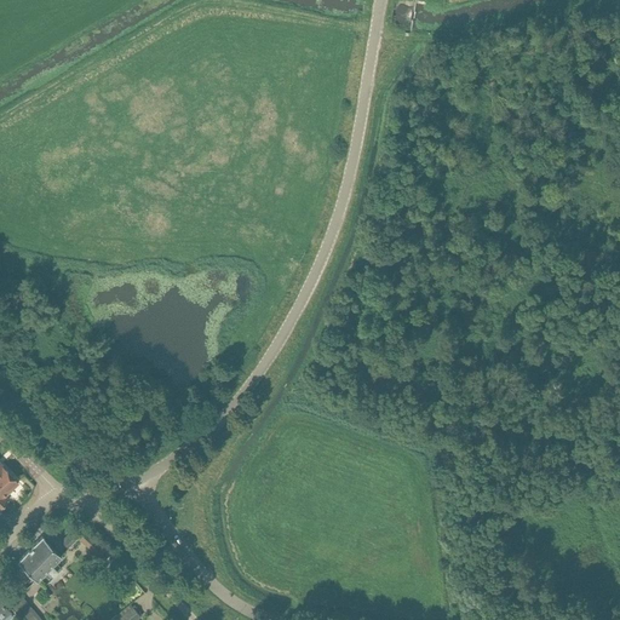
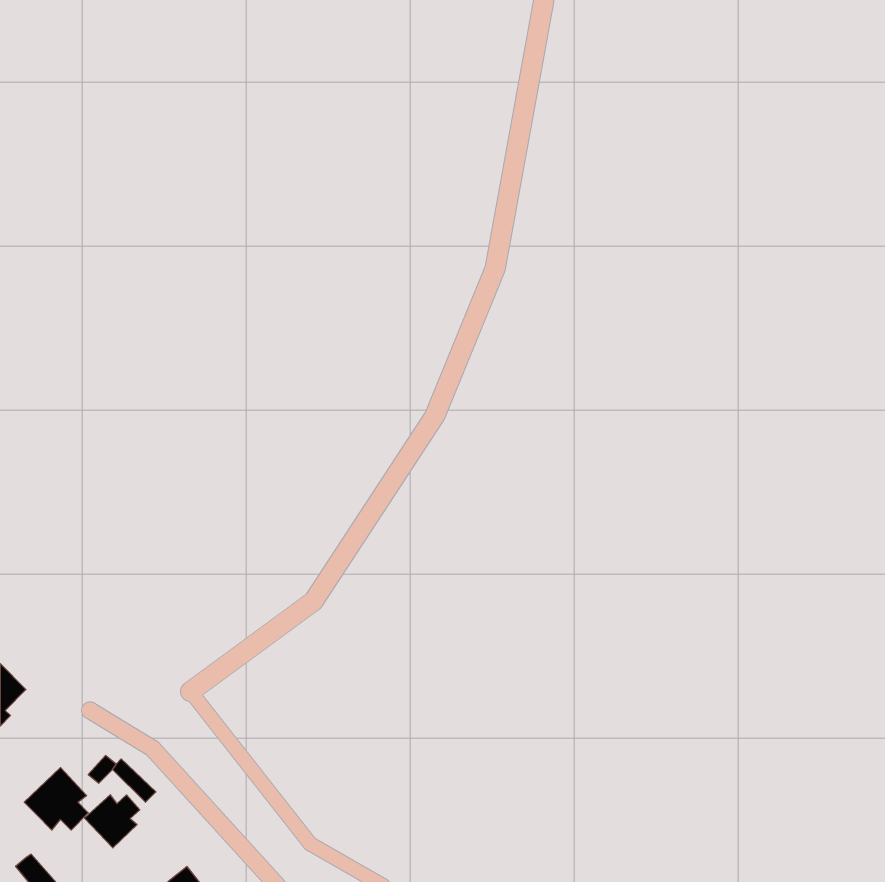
building: none -> [85,795,140,848]

